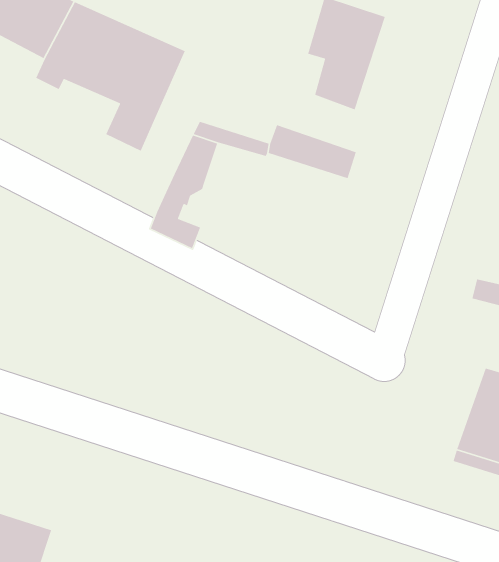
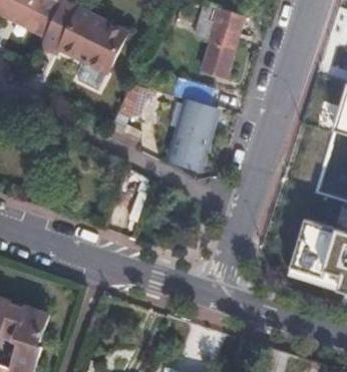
building: none -> [172,100,218,170]

